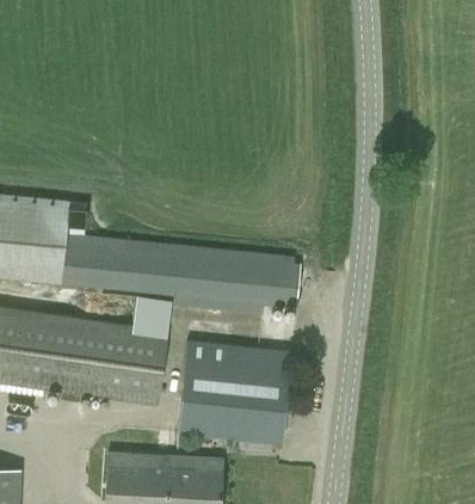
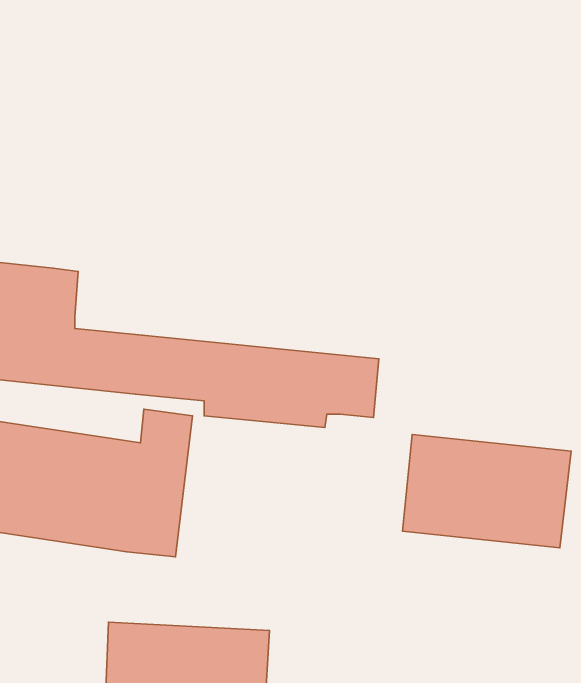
building: none -> [402,434,571,548]
building: [179,340,290,442] -> none

